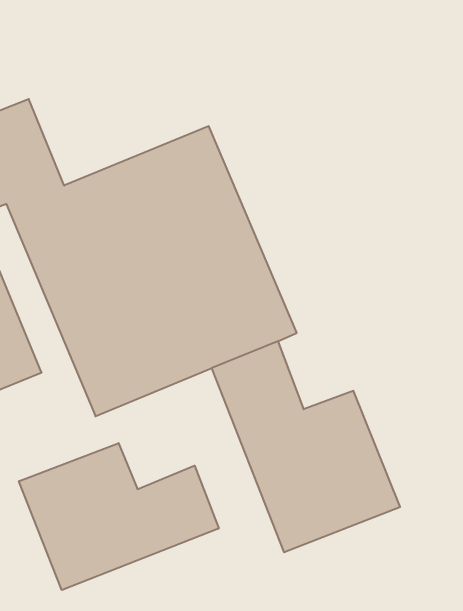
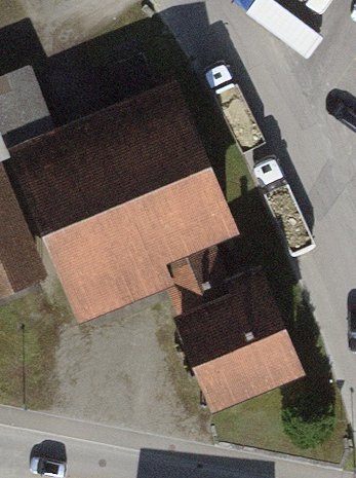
building: [19,443,219,590] -> none

